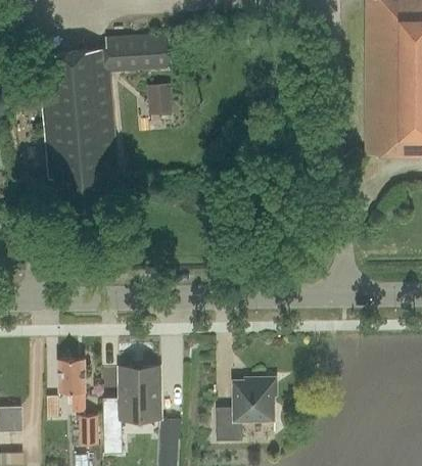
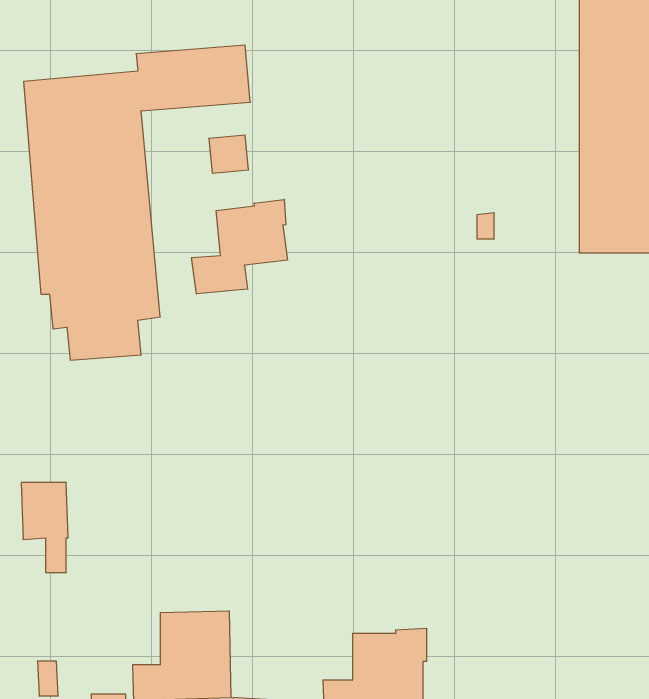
building: none -> [192,199,287,294]
building: [58,358,86,411] -> [21,483,68,573]

